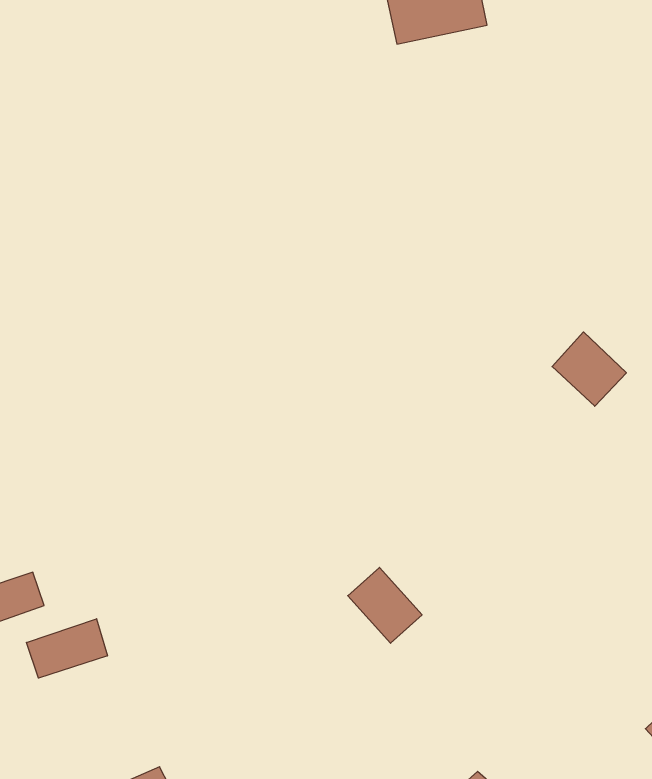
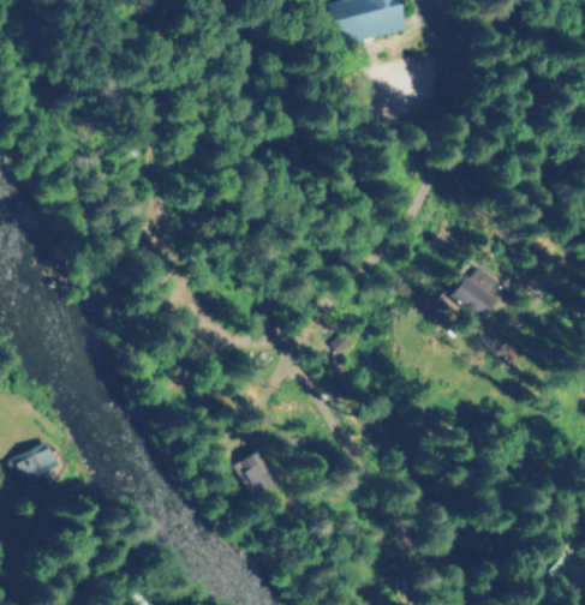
building: [348,567,422,643] -> [233,444,289,502]
building: [26,619,107,678] -> none

